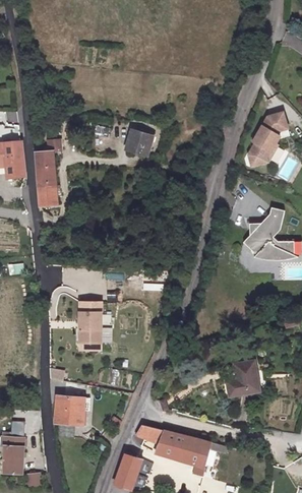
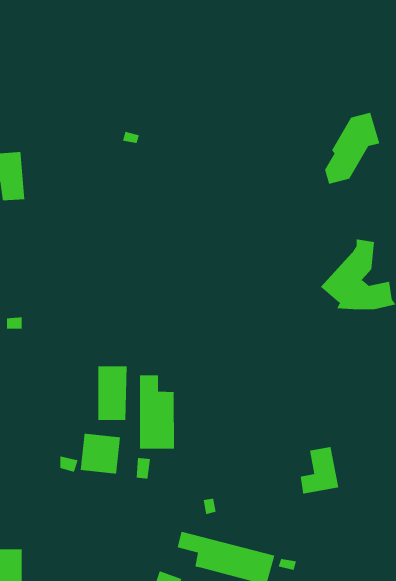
building: [126,128,154,157] -> none
building: [34,137,60,204] -> none
building: none -> [140,375,174,449]
building: [54,394,84,425] -> [80,433,121,474]

